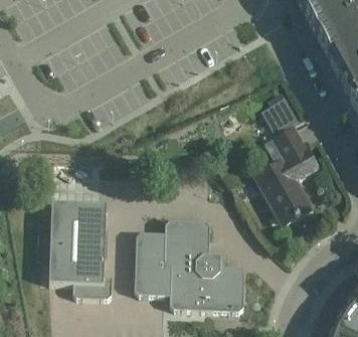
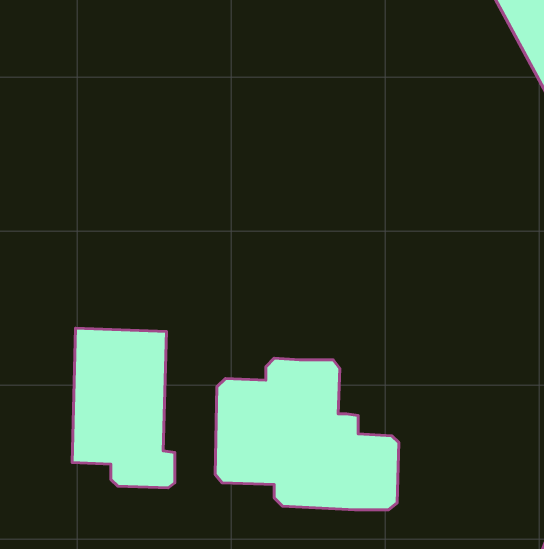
building: [263,93,297,132] -> none
building: [254,127,318,222] -> none

